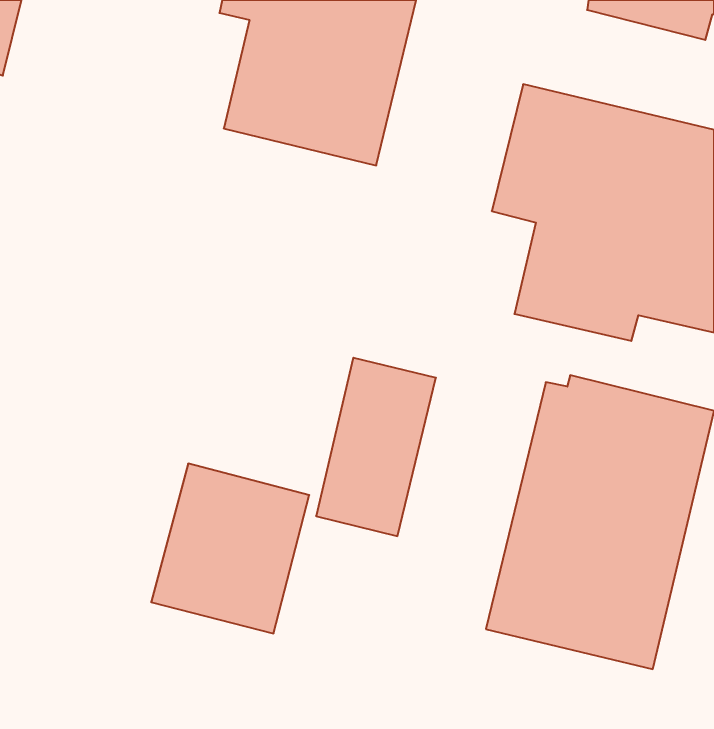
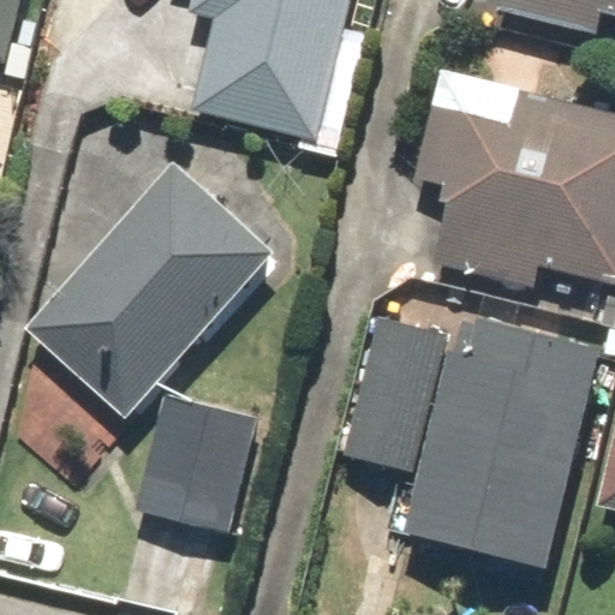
building: none -> [28,163,274,416]
building: [316,358,436,536] -> [344,318,444,468]

